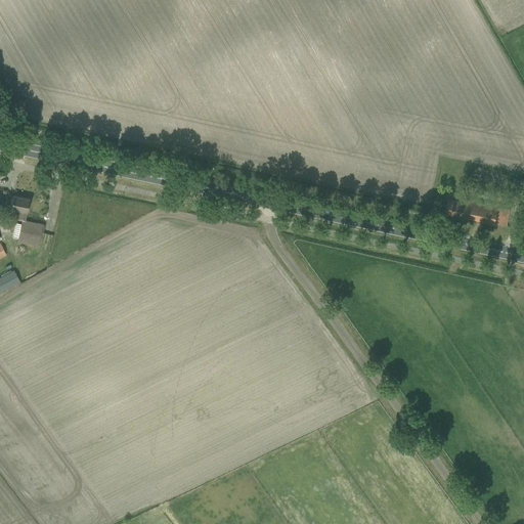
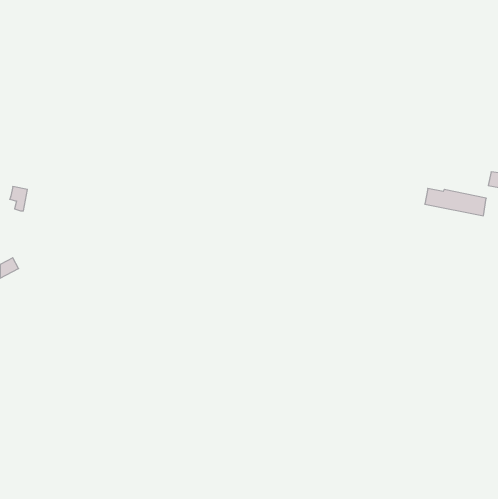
building: [18,221,43,246] -> none

